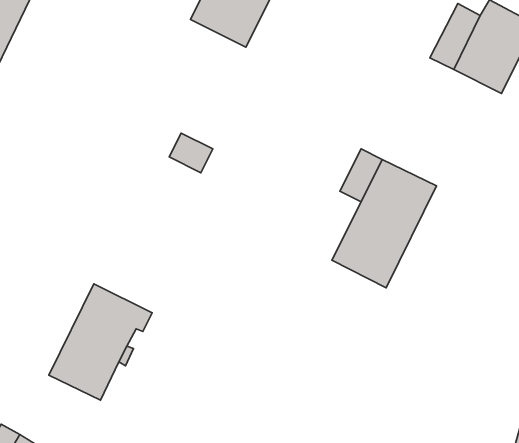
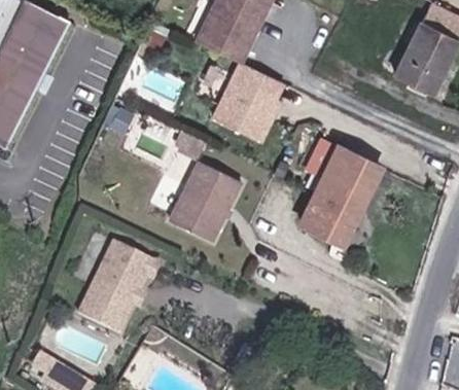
building: none -> [209,62,278,140]
building: none -> [169,162,237,244]

